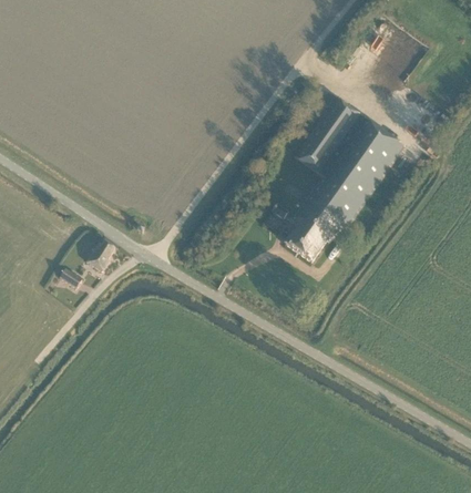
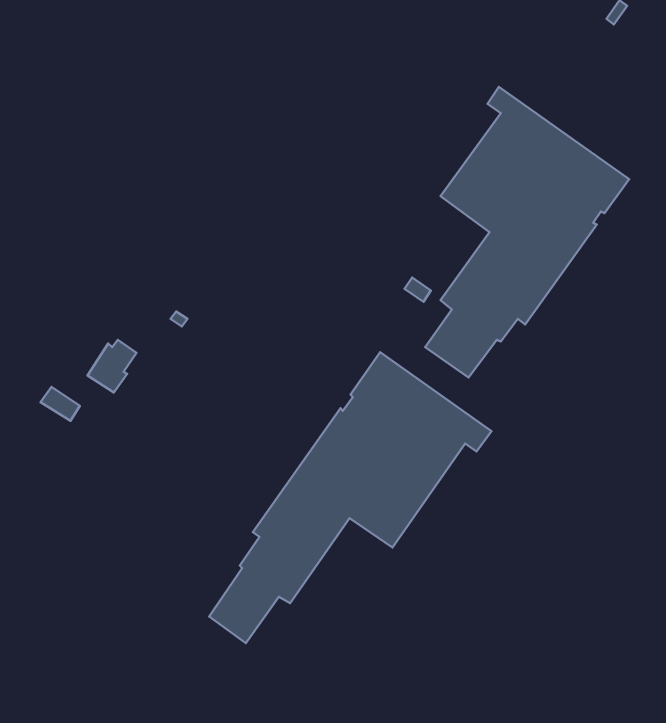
building: none -> [209,352,491,643]

